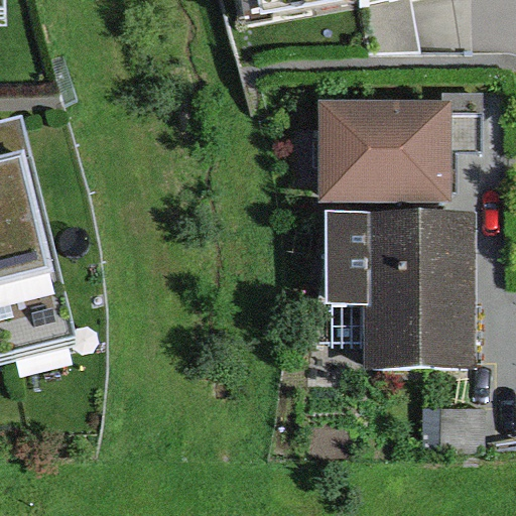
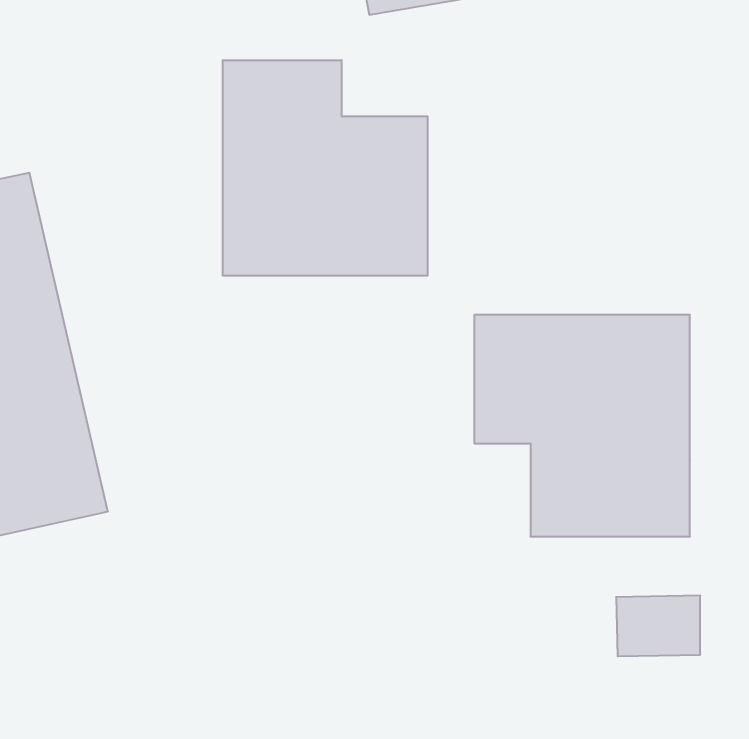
building: none -> [223,60,427,276]
building: [320,100,445,199] -> none

